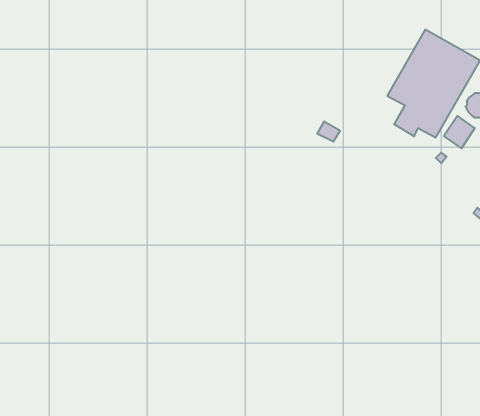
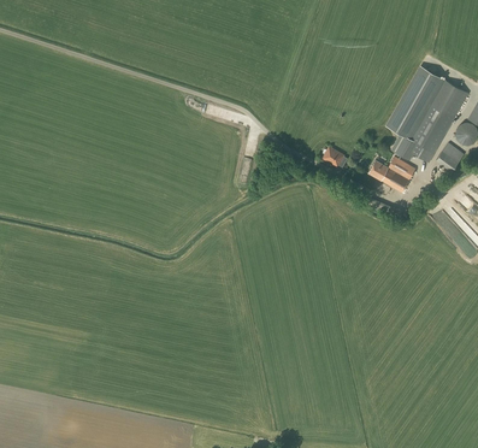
building: none -> [368,157,415,204]

